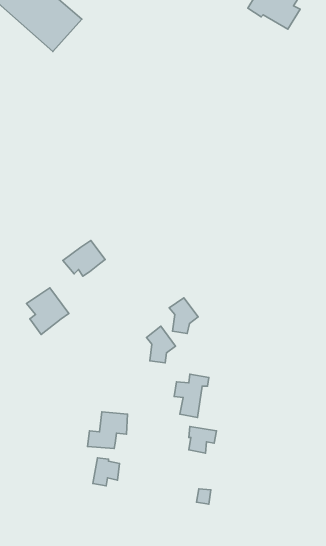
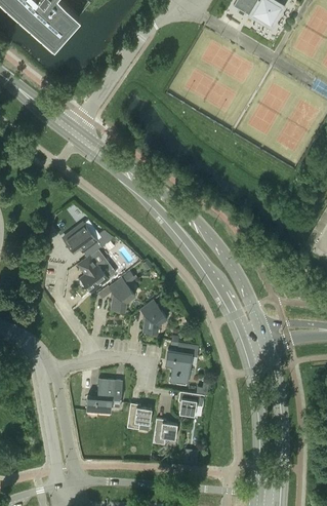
building: [27,288,69,335] -> [77,252,116,296]
building: [169,298,198,334] -> [108,280,134,313]
building: none -> [153,422,176,447]
building: [93,458,120,486] -> [126,406,151,432]

